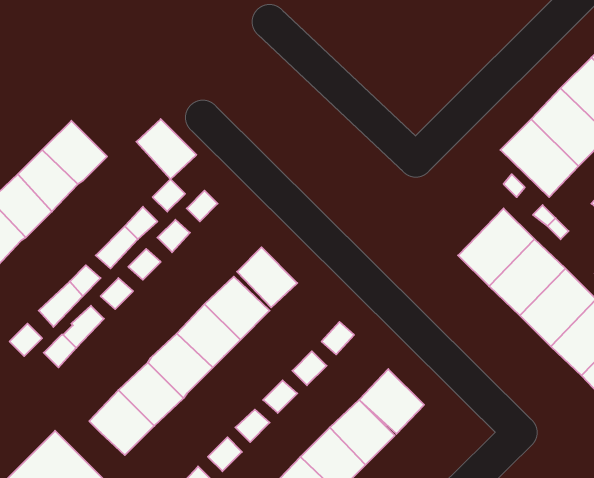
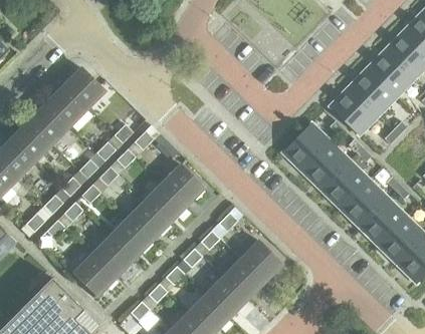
building: [136,119,196,179] -> [66,69,103,106]
building: none -> [283,123,331,171]

